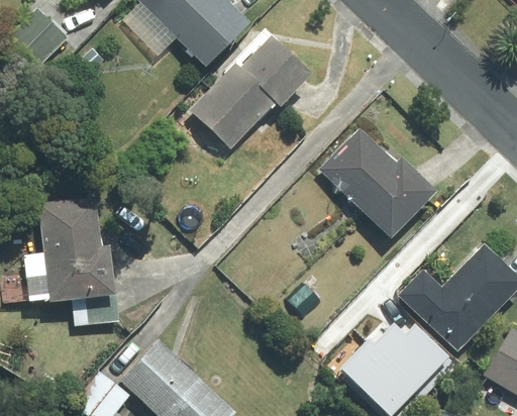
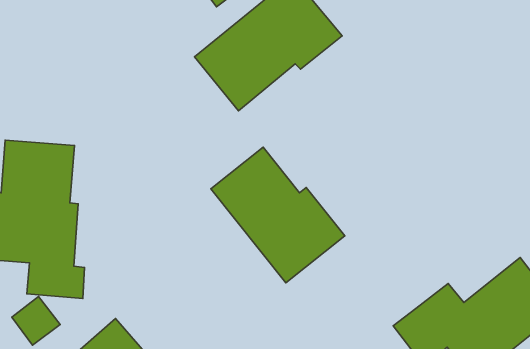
building: [320,127,437,238] -> [211,147,345,283]

